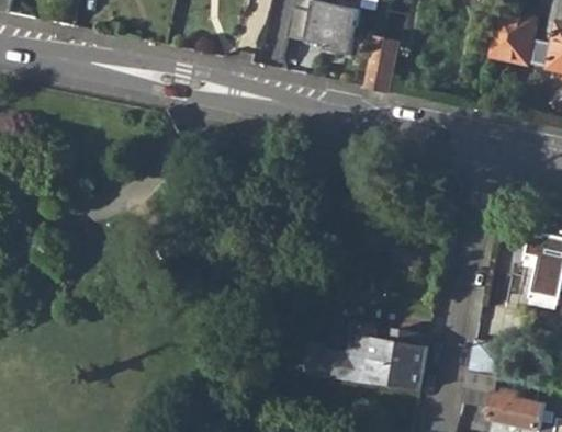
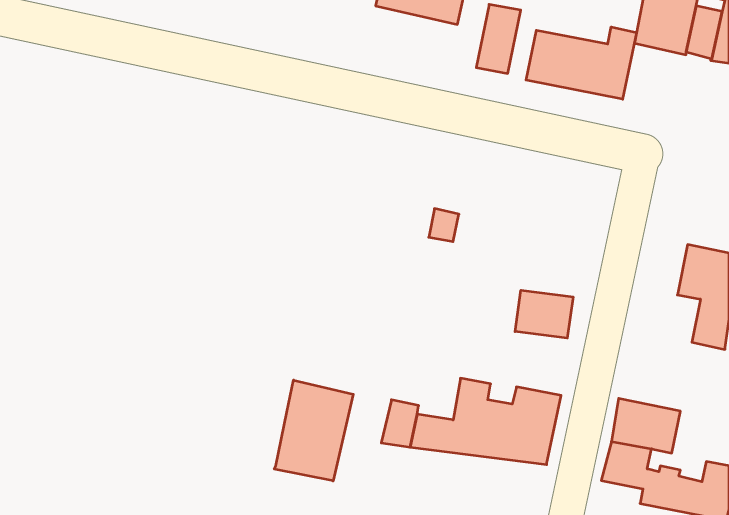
building: none -> [526,27,636,99]
building: none -> [515,290,573,338]
building: none -> [274,380,353,481]

